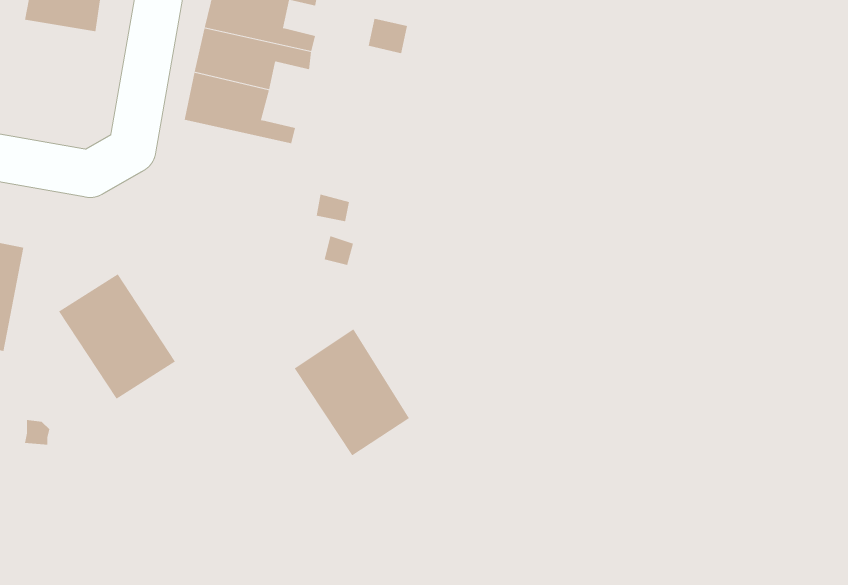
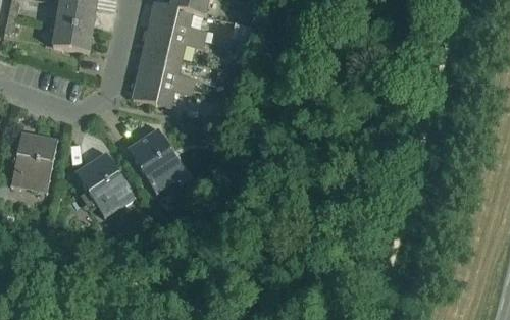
building: none -> [54,22,94,51]
building: none -> [133,73,194,107]
building: [294,328,410,456] -> [126,127,186,193]

